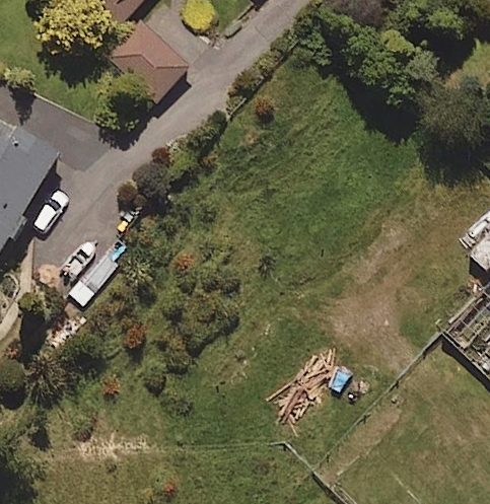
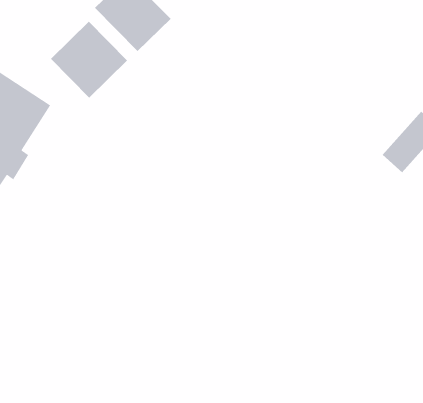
building: none -> [50,21,128,99]

